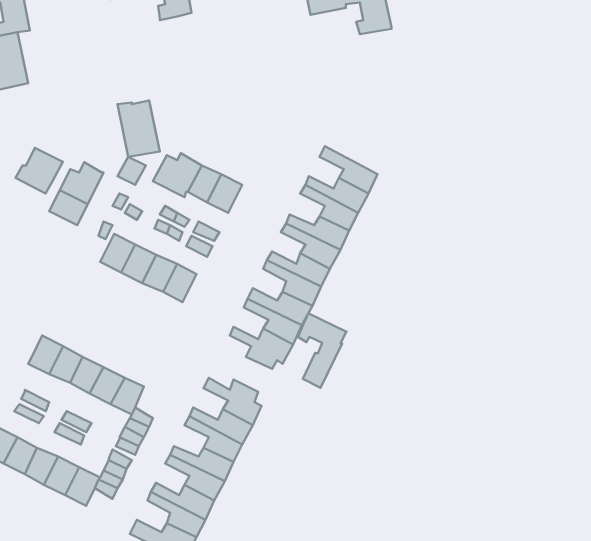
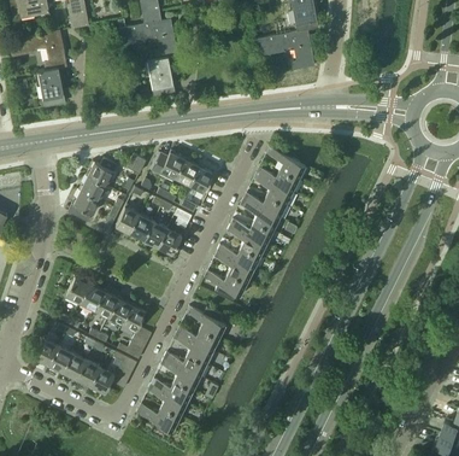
building: [118,101,160,157] -> [146,57,175,95]
building: [16,148,63,193] -> [66,191,99,222]
building: [298,313,347,388] -> none

